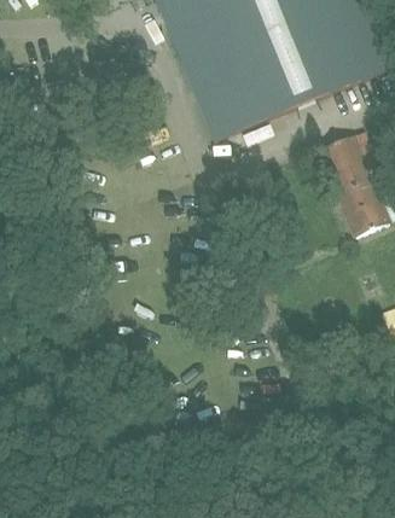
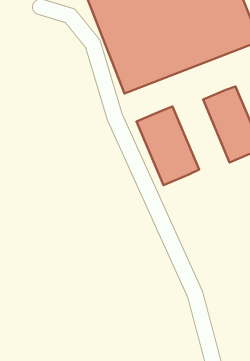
building: none -> [136,106,199,185]

